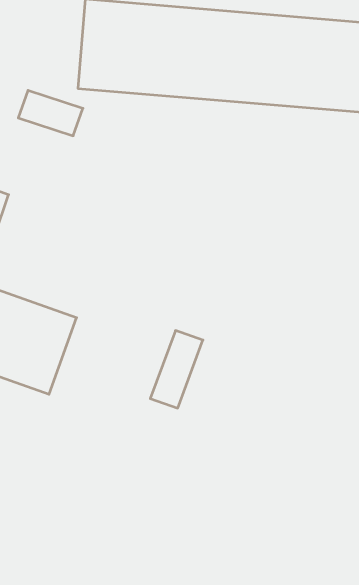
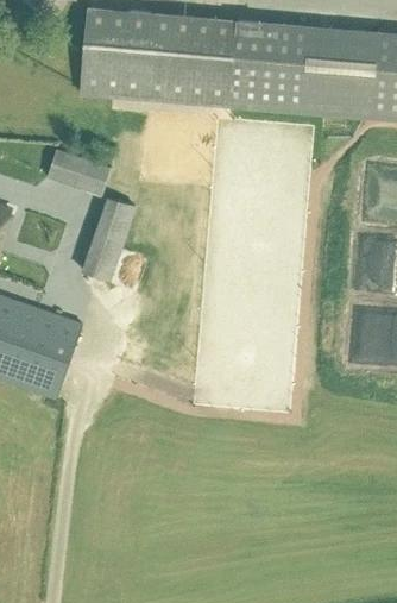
building: [18,90,83,136] -> [46,150,111,195]
building: [150,331,203,408] -> [80,215,132,293]

